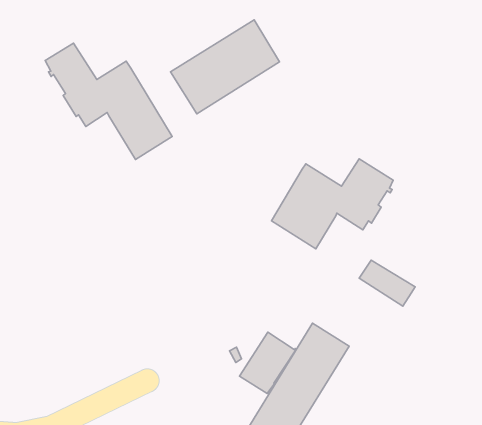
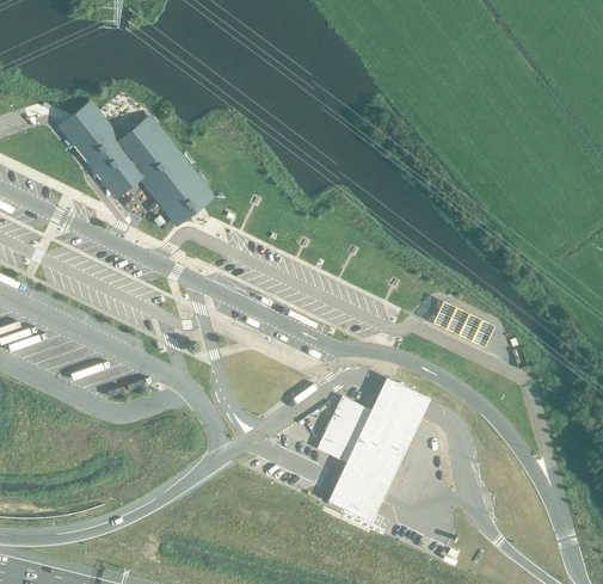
building: [170,20,279,114] -> none
building: [271,159,393,249] -> none

